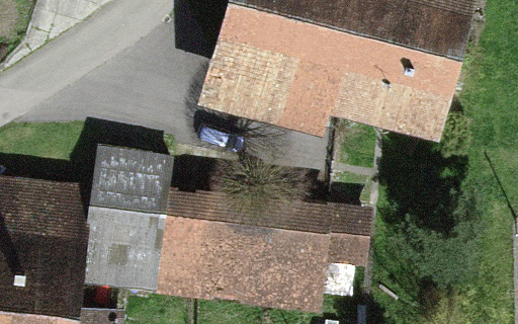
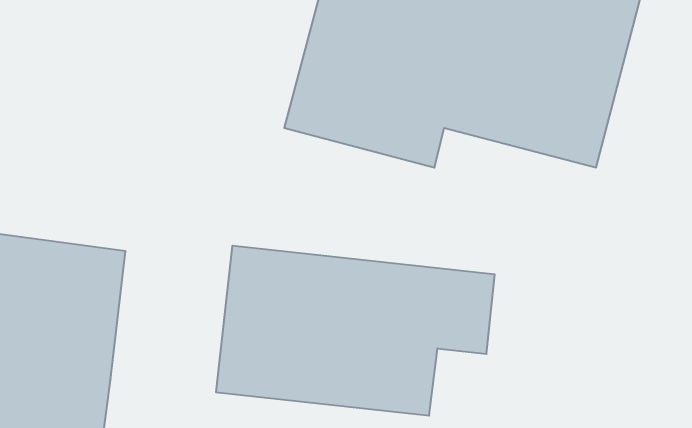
building: [82,146,176,293] -> none

